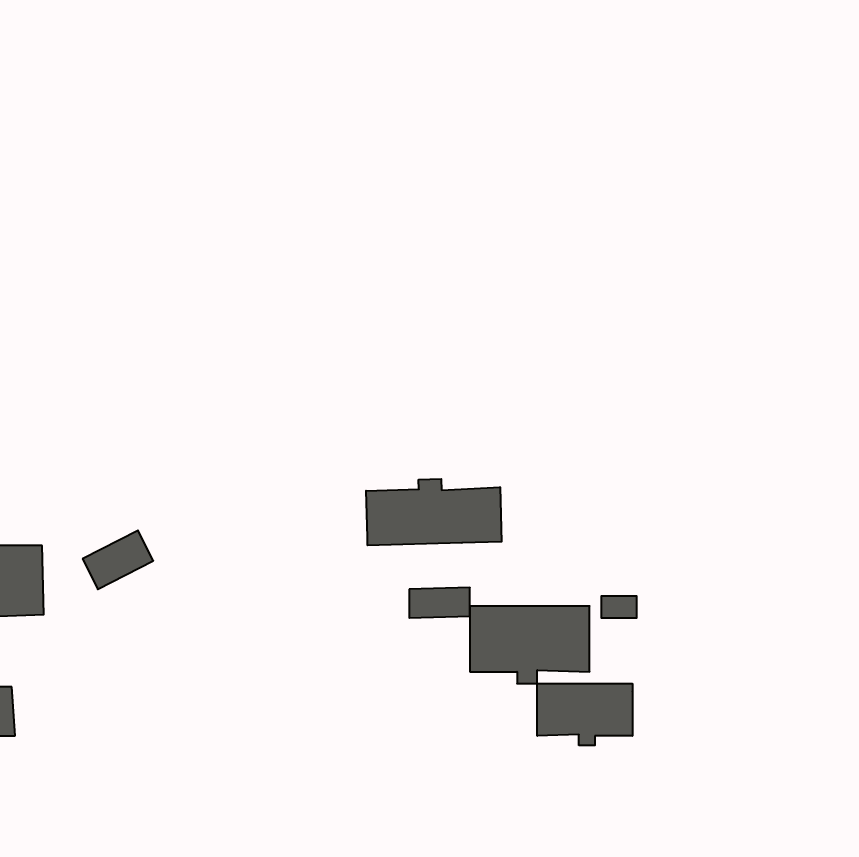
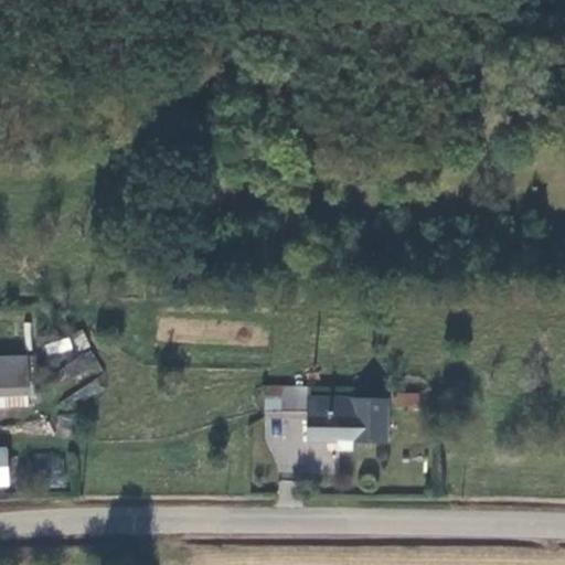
building: [366,479,502,545] -> none
building: [537,684,632,745] -> none

